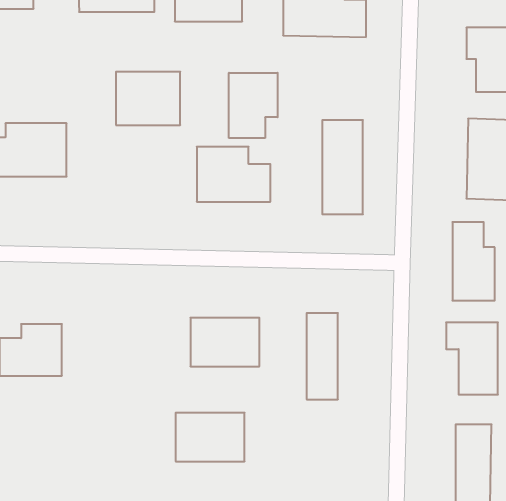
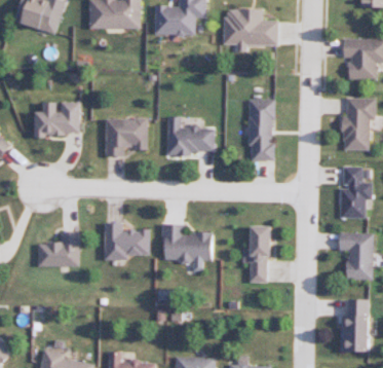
building: [116,72,180,125] -> [107,119,149,154]
building: [229,73,278,138] -> none
building: [176,413,245,461] -> [106,227,151,259]

